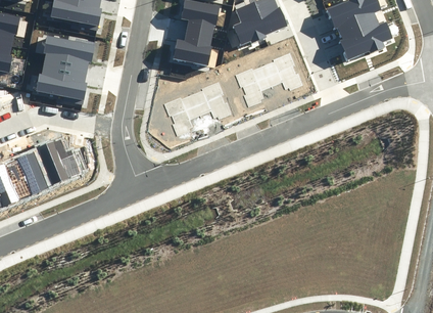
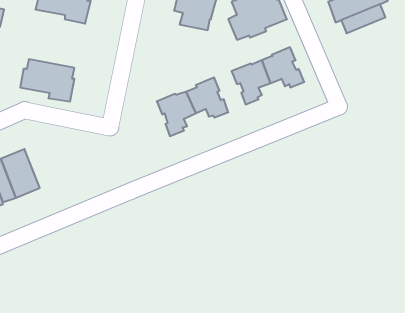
building: [339,21,392,58] -> none
building: [172,31,211,65] -> none
building: [42,35,94,72] -> none
building: [38,138,80,185] -> none

